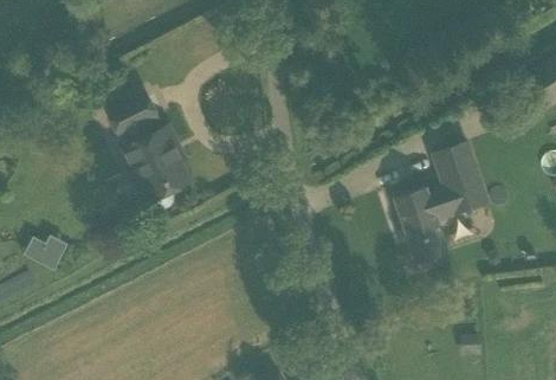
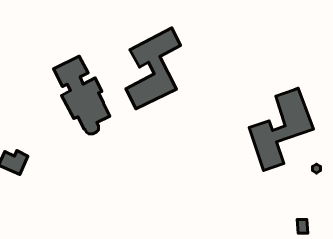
building: none -> [126,28,181,109]

